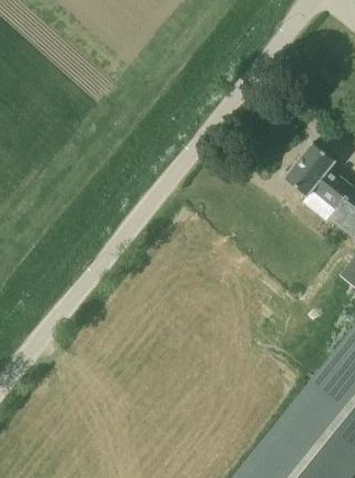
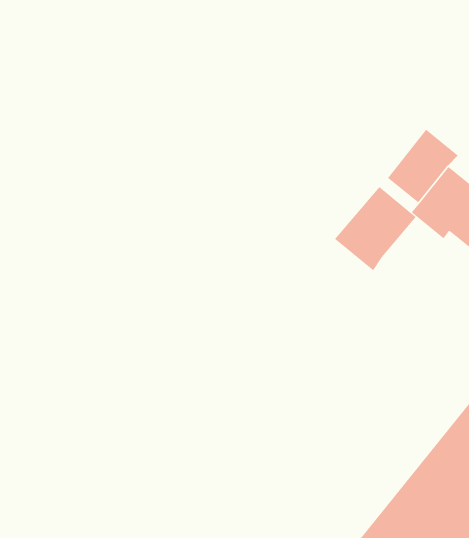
building: none -> [334,186,416,271]

